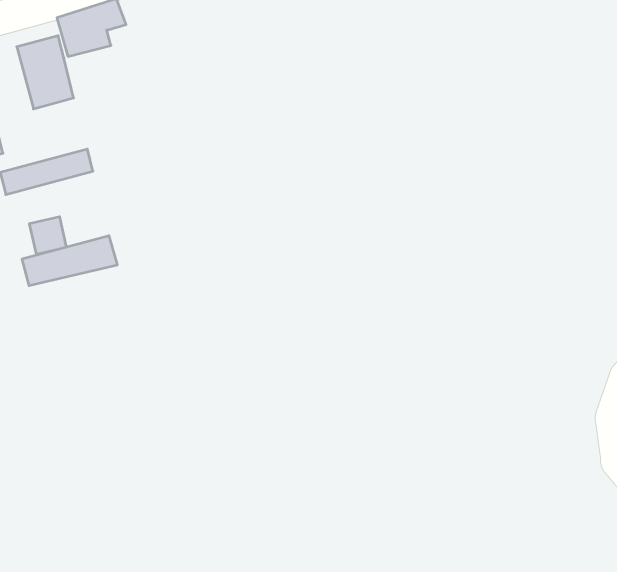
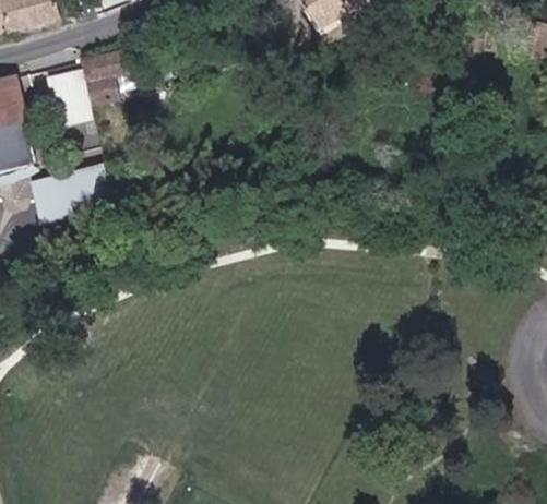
building: [22,236,117,286] -> [38,176,114,215]

